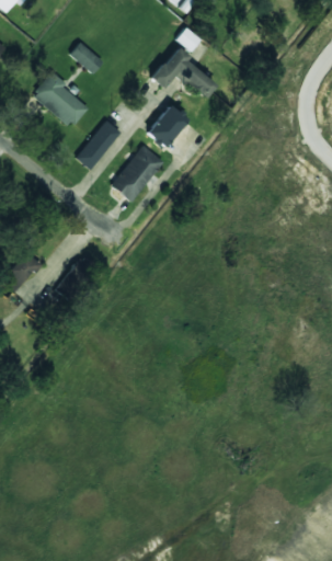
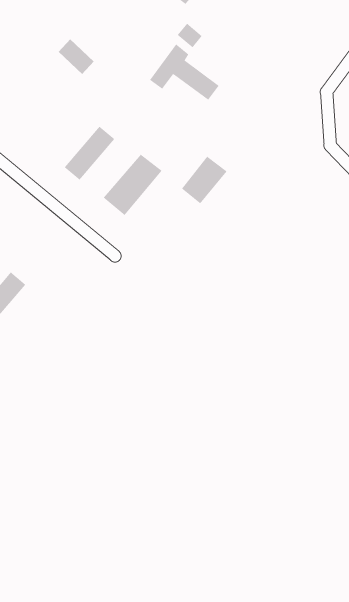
building: [30,71,87,128] -> none
building: [145,104,186,148] -> [181,156,227,204]

